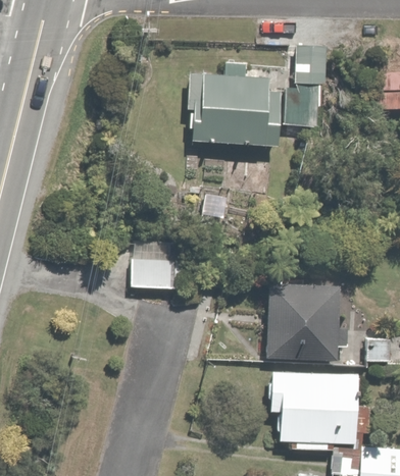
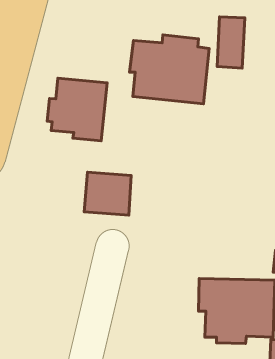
building: none -> [47,78,107,141]
building: [264,282,339,360] -> none

